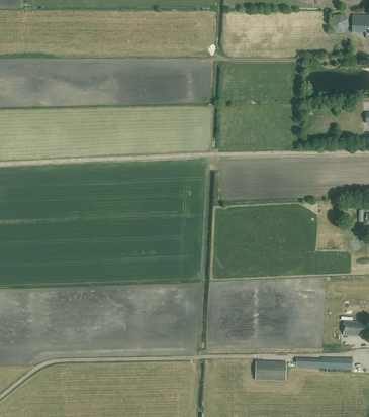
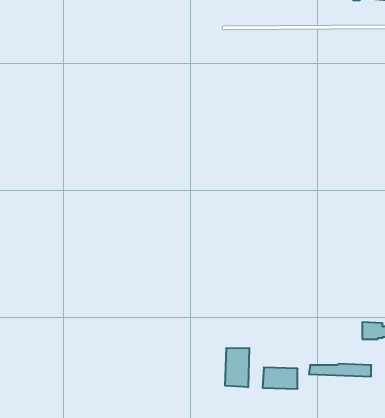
building: none -> [225,348,249,387]

